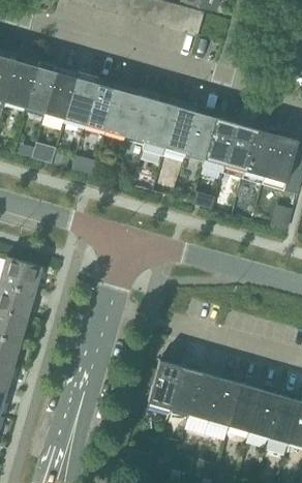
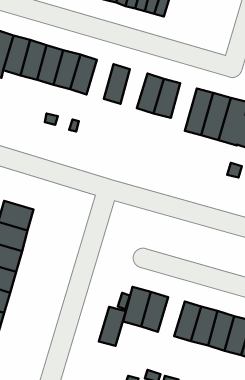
building: [104,89,137,135] -> none
building: [142,100,177,156] -> none
building: [202,117,236,174] -> none
building: [189,372,221,419] -> [99,307,126,346]

